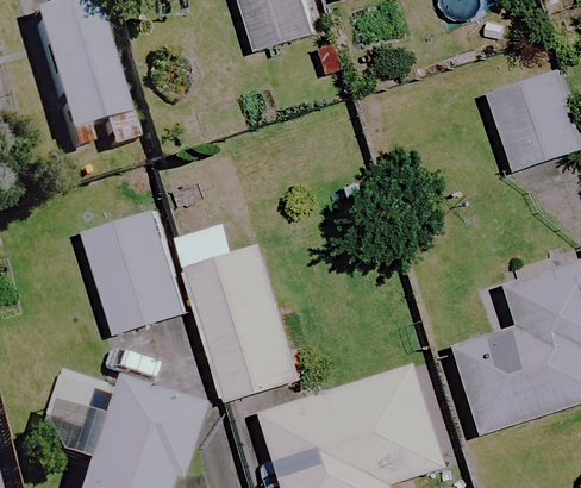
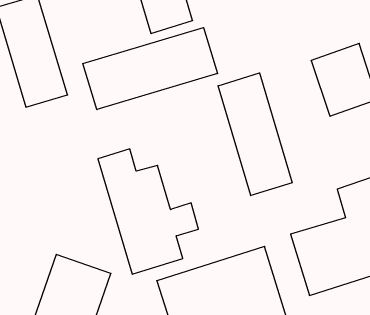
building: none -> [83,28,218,110]
building: none -> [218,73,292,196]
building: [83,207,181,333] -> none

